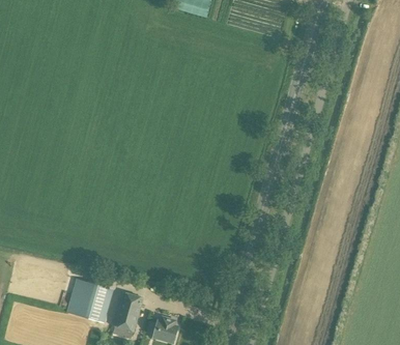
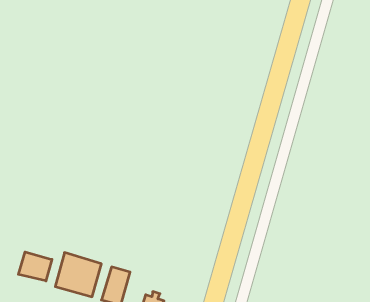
building: none -> [18,252,52,281]

